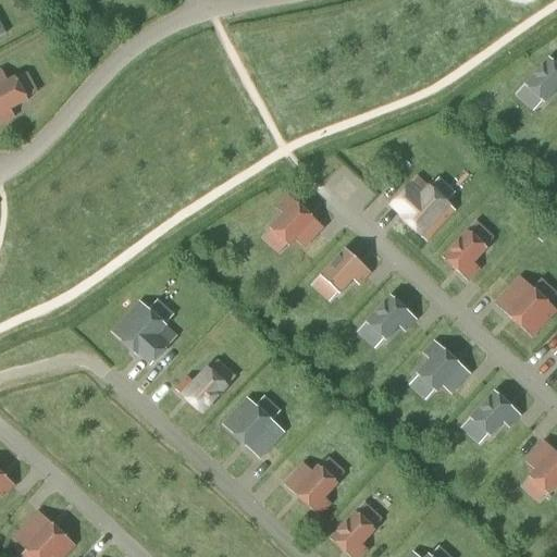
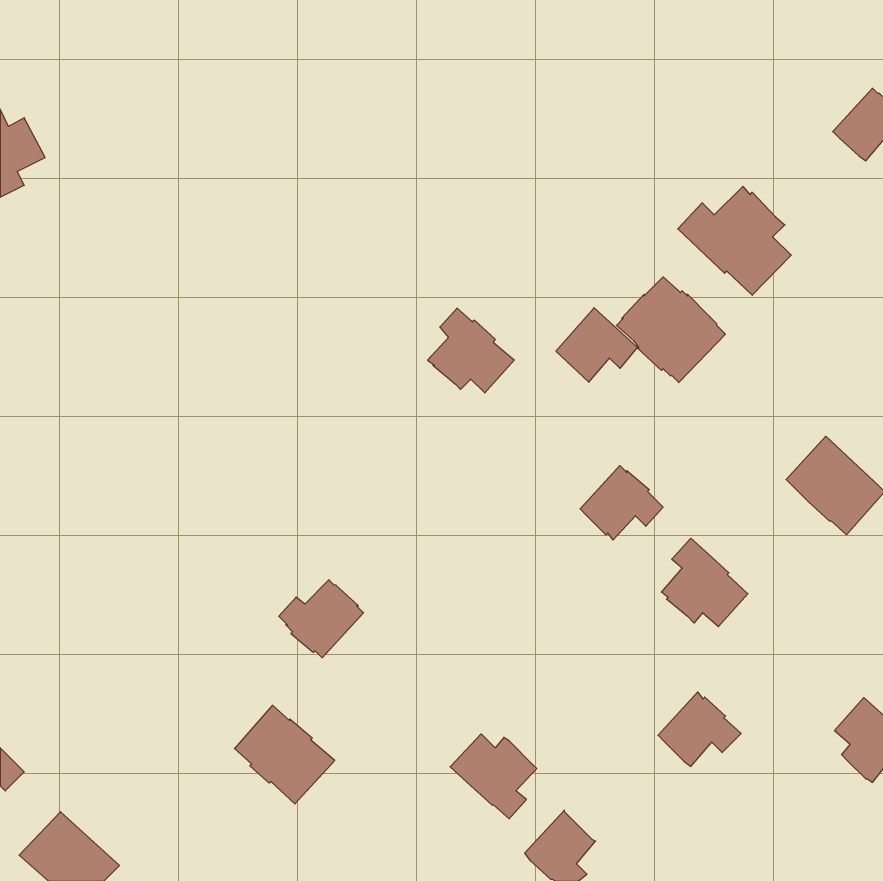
building: none -> [678,186,791,295]
building: [443,228,487,280] -> none
building: [321,246,372,293] -> [556,308,637,382]
building: [111,299,178,364] -> none
building: [470,388,522,435] -> [658,692,741,766]
building: [223,396,286,458] -> [234,705,335,804]

